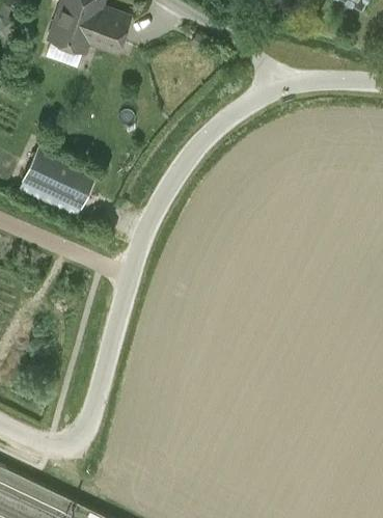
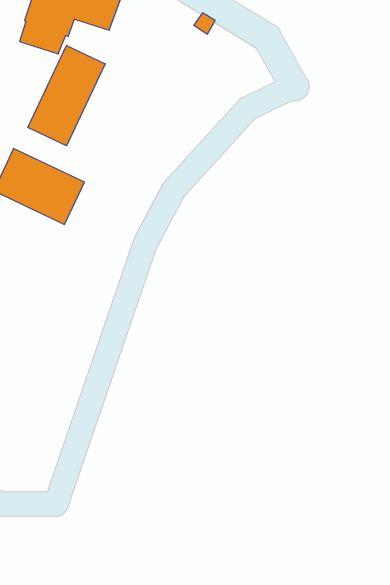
building: none -> [28,45,105,146]

